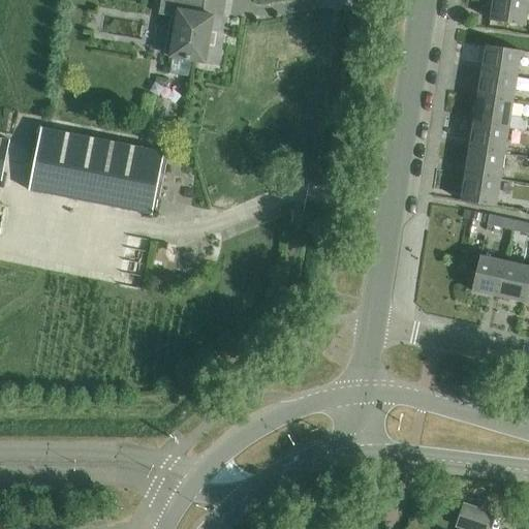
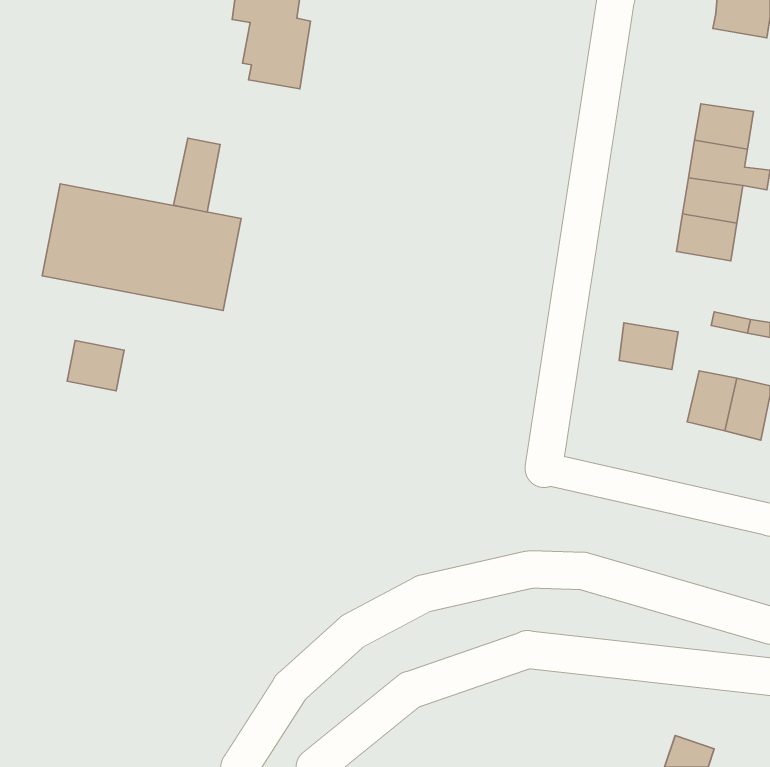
building: [480,44,521,76] -> none
building: none -> [173,138,220,212]
building: [461,173,501,205] -> [619,323,678,370]
building: none -> [67,341,124,391]

